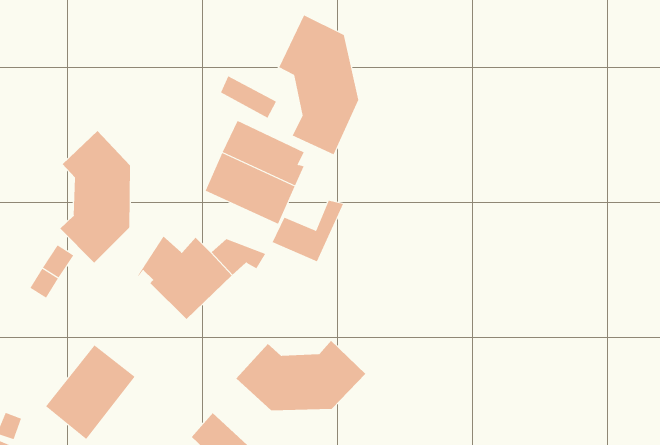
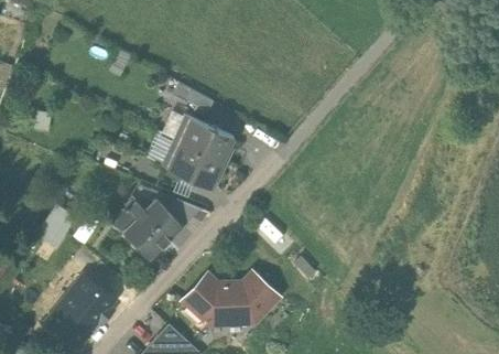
building: [278,14,359,155] -> none
building: [59,130,131,263] -> none
building: [272,200,344,262] -> none

